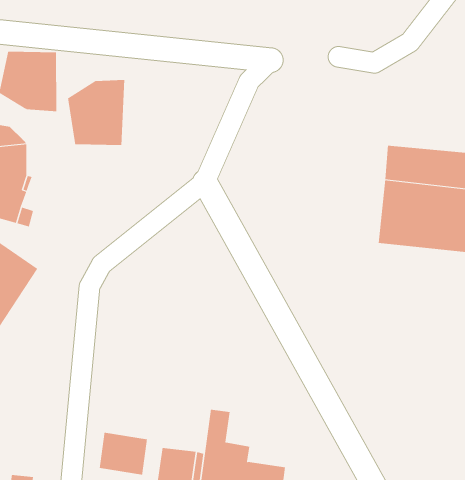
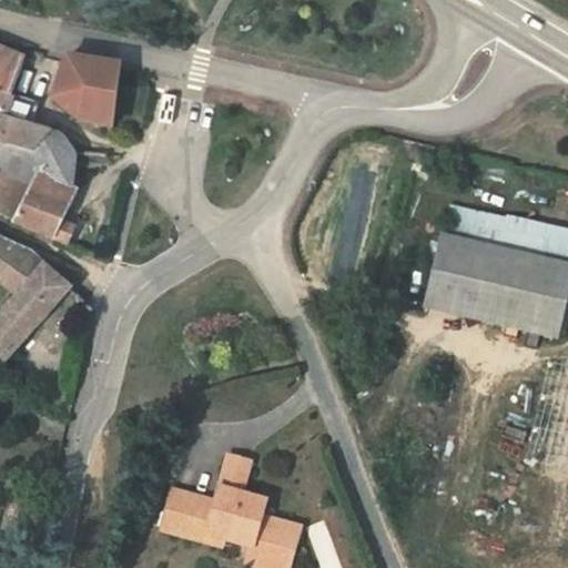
building: [67,79,125,146] -> none
building: [99,432,148,476] -> none

